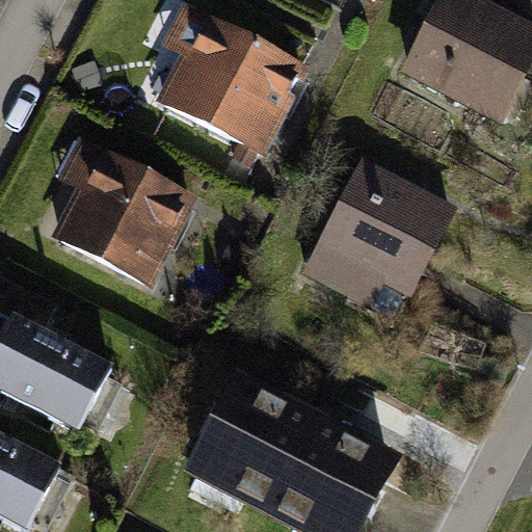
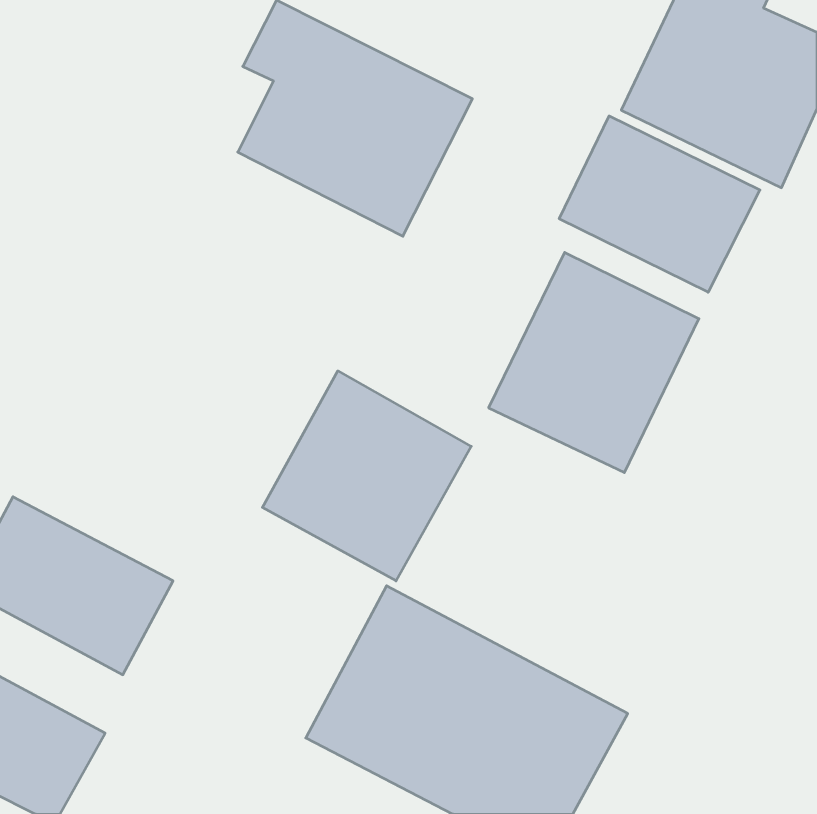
building: none -> [559,116,760,292]
building: [52,135,194,287] -> none
building: none -> [262,371,471,581]

